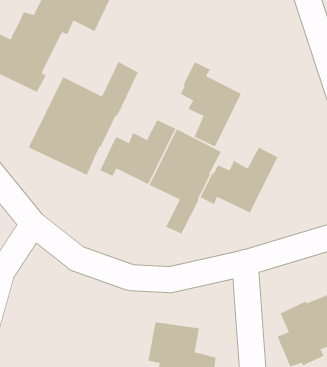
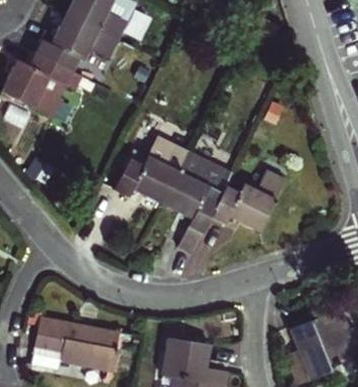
building: [180,60,242,147] -> none
building: [28,61,139,176] -> none
building: none -> [31,314,118,372]

